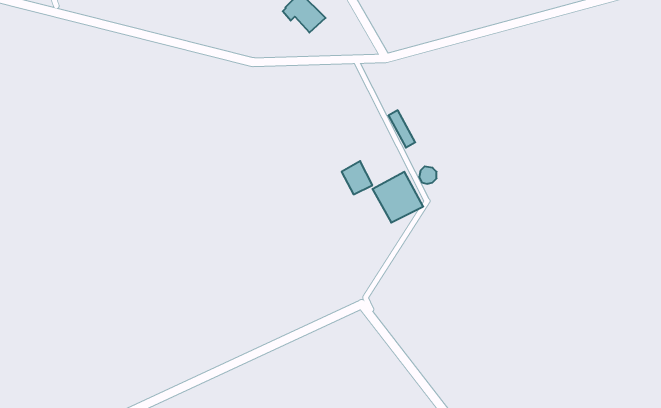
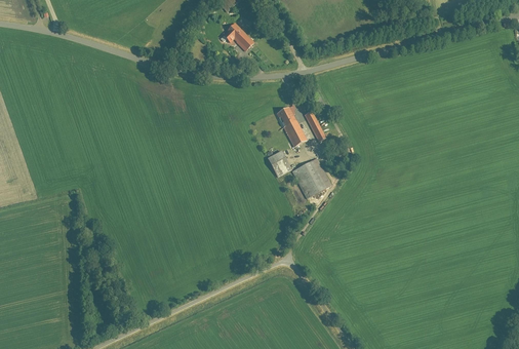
building: none -> [274,106,307,146]

